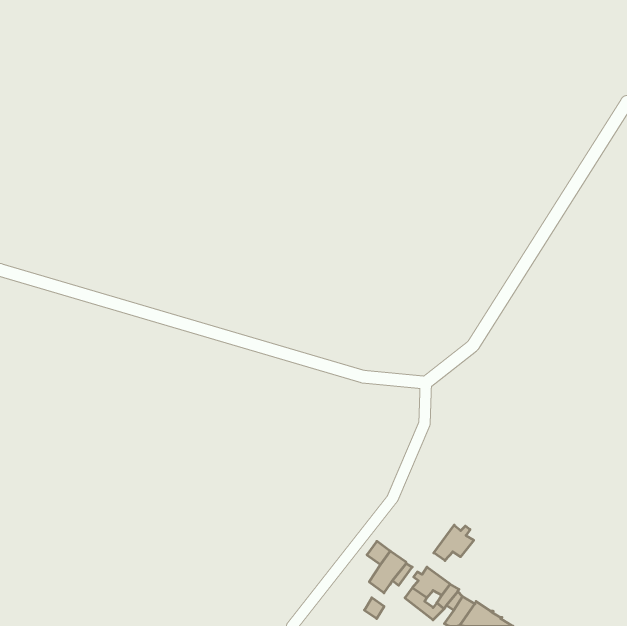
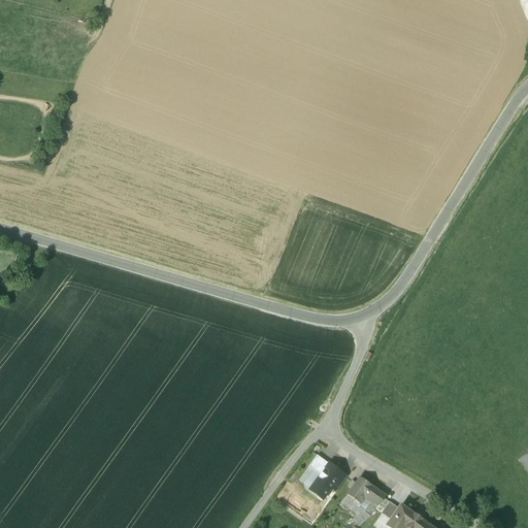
building: [434,525,474,561] -> none

